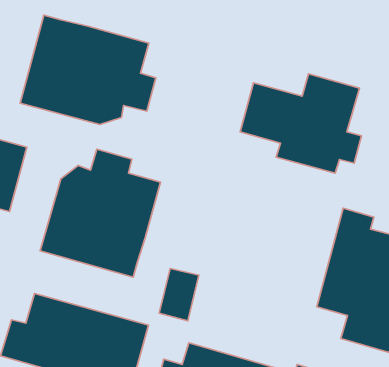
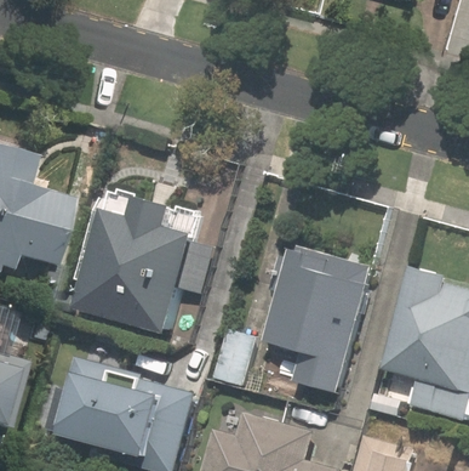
building: [20,15,156,124] -> none
building: [240,74,361,173] -> none
building: none -> [264,242,376,393]

